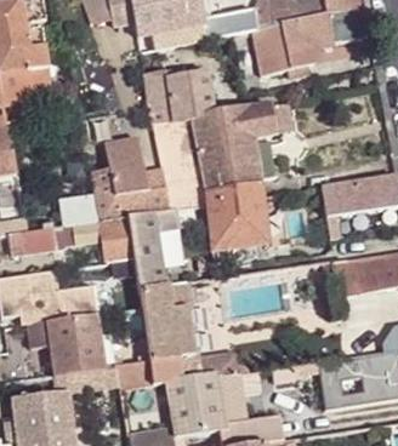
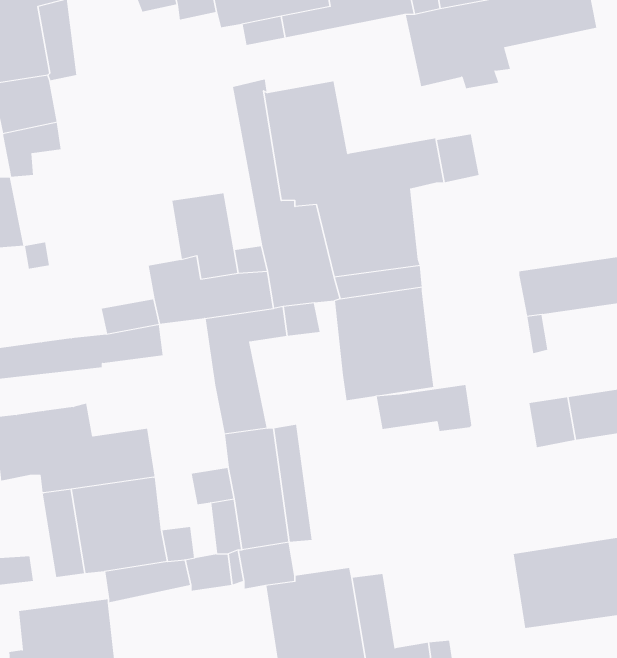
building: [99,217,133,262] -> none
building: [180,348,239,377] -> [376,384,472,431]

